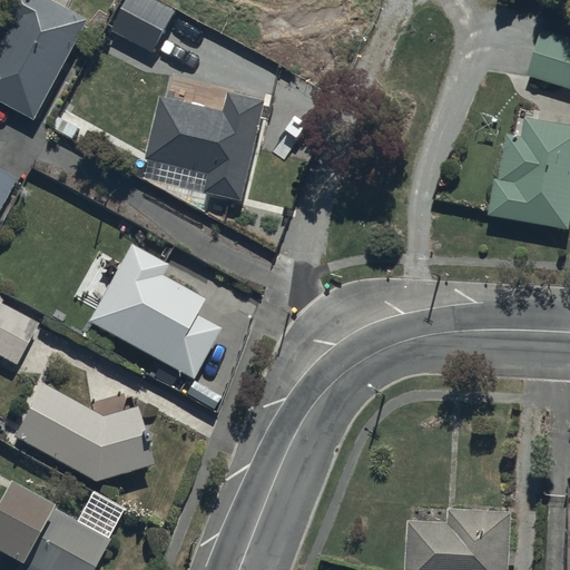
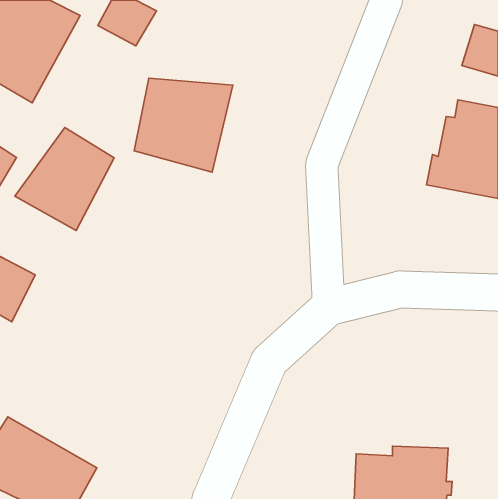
building: none -> [15,127,114,231]
building: [90,249,217,374] -> none
building: [14,386,156,488] -> none

